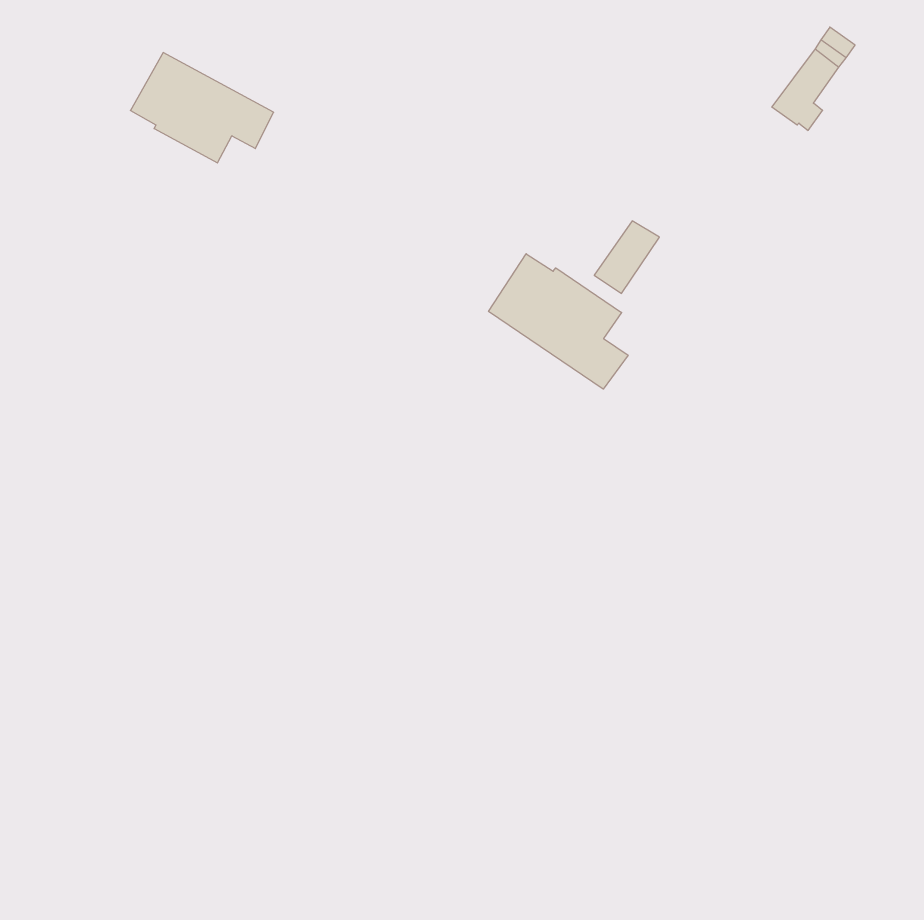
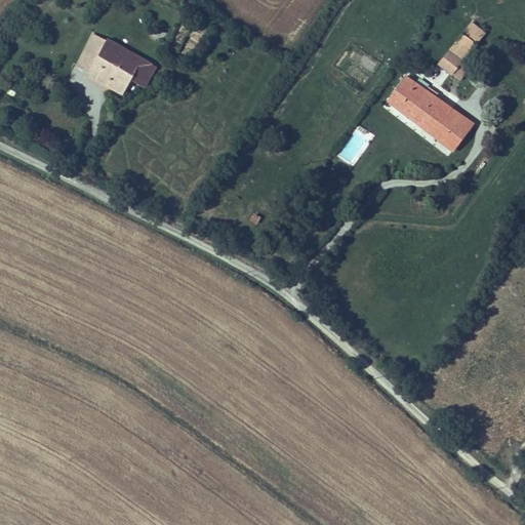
building: none -> [388,76,473,150]
building: [489,254,628,389] -> none

